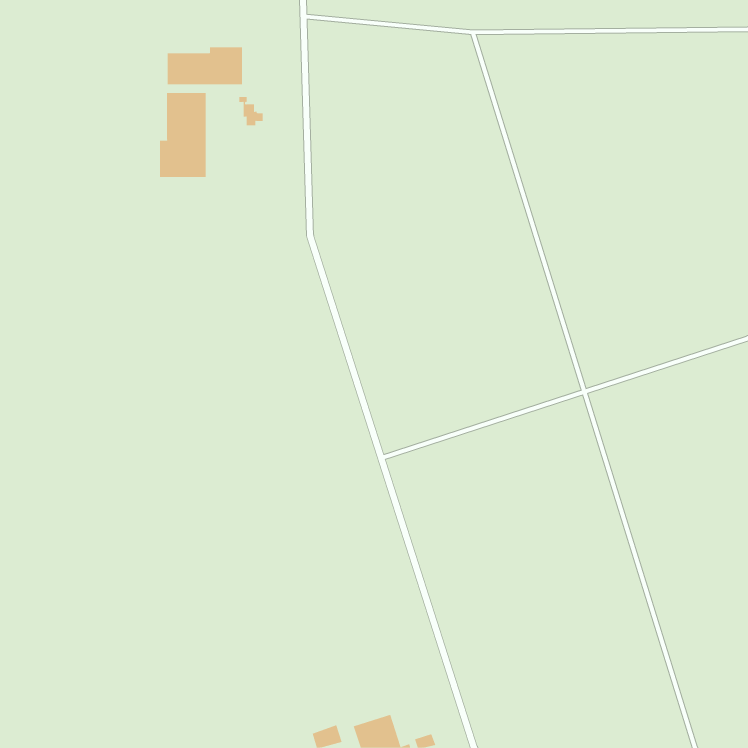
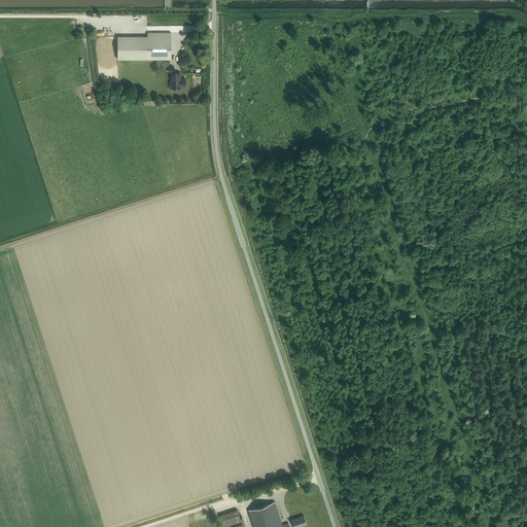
building: [159,92,206,178] -> none

